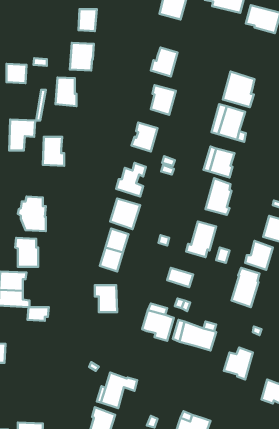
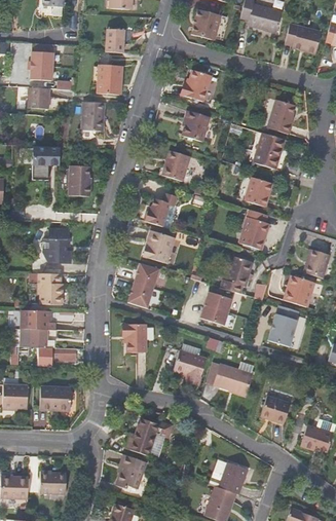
building: none -> [31,44,54,80]
building: none -> [204,291,232,312]
building: none -> [40,386,72,409]

